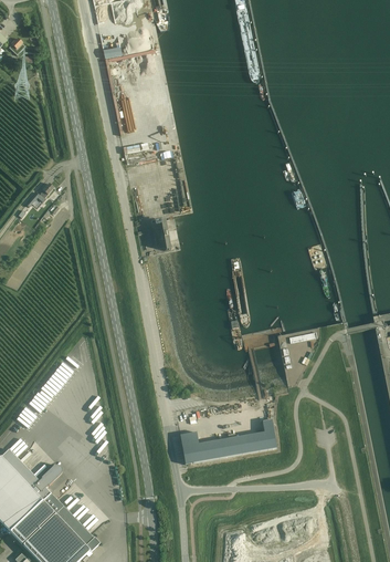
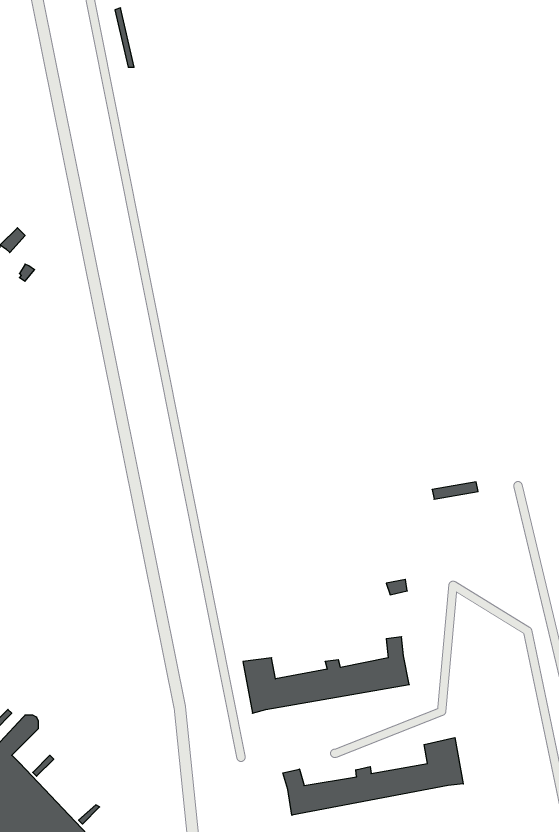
building: none -> [283,738,463,815]

